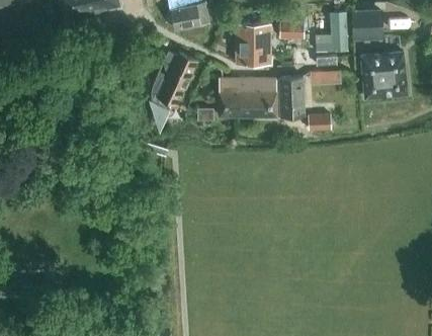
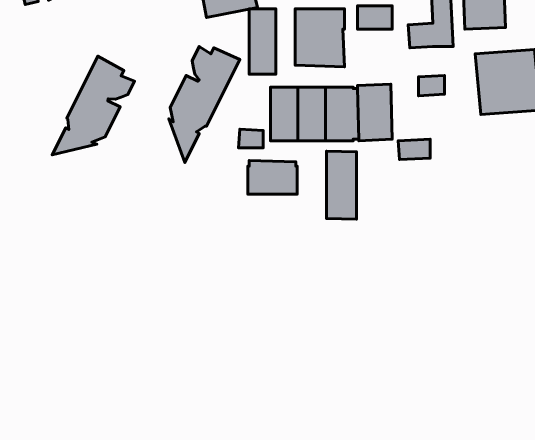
building: none -> [249,9,276,74]
building: none -> [52,56,135,155]
building: none -> [326,151,357,219]
building: none -> [248,160,297,194]

